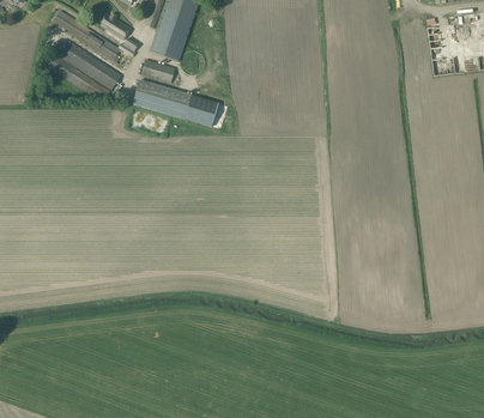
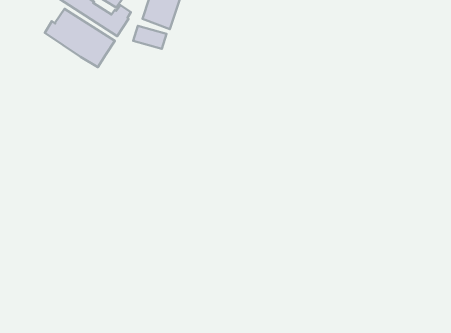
building: [132,80,218,127] -> none

